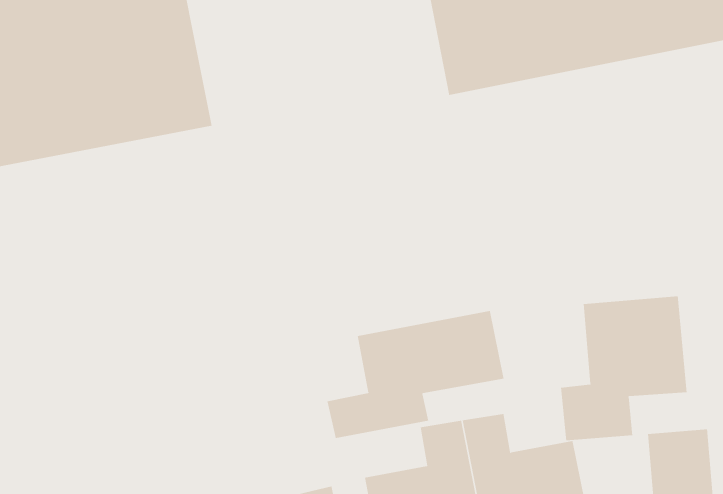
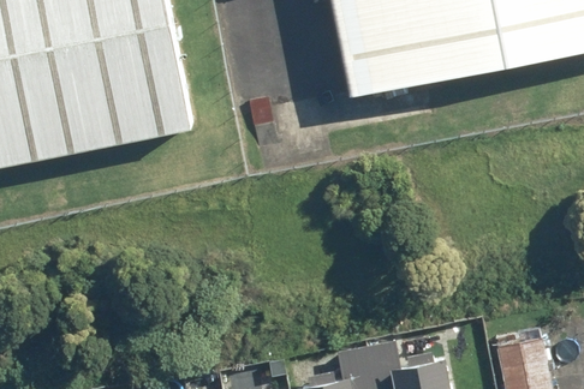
building: [560,296,687,441] -> none
building: [327,310,504,439] -> none

